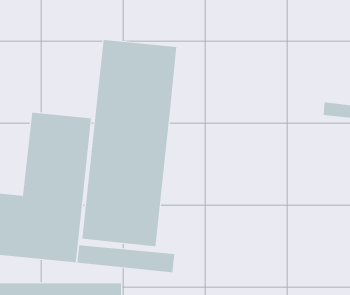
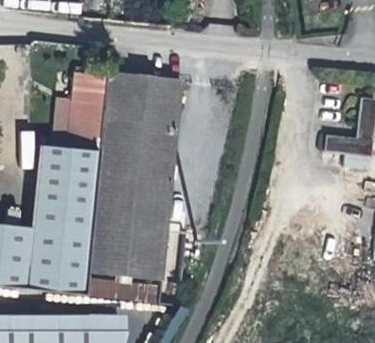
building: none -> [68,72,108,145]

